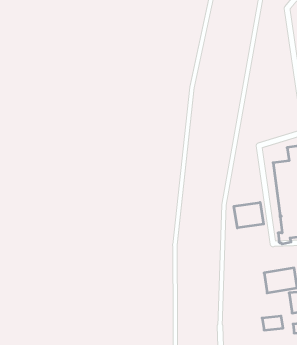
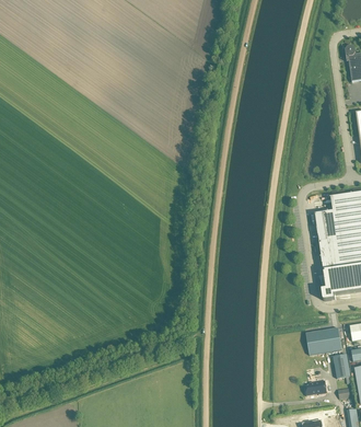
building: [234,202,264,228] -> none

